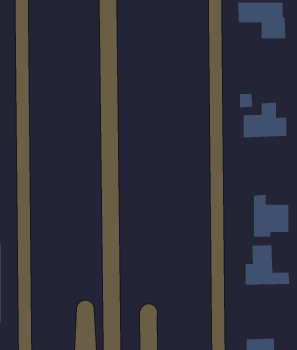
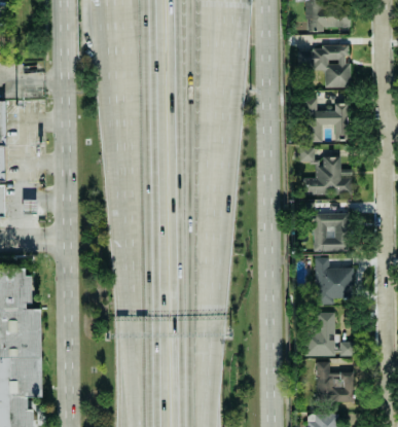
building: none -> [304,97,349,141]
building: none -> [313,212,351,250]
building: none -> [316,361,355,401]

